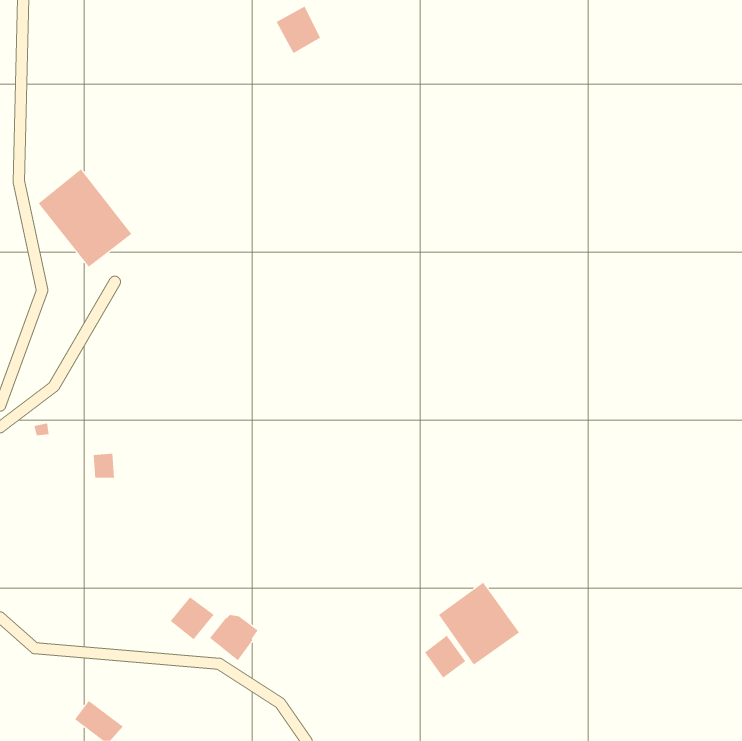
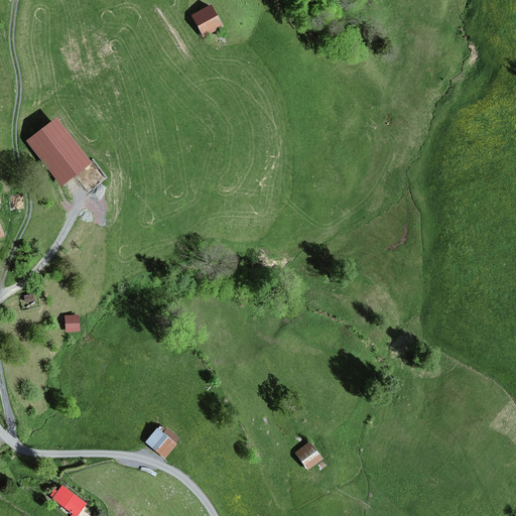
building: [438,582,520,665] -> none
building: [170,597,215,640] -> none

